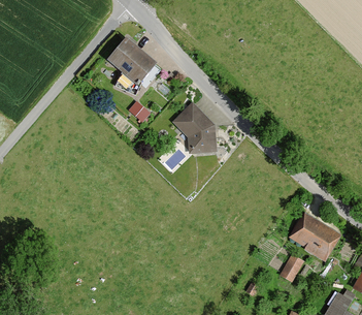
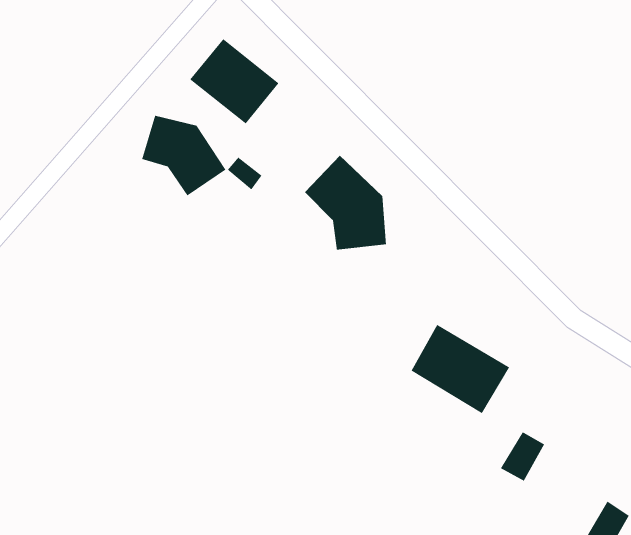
building: none -> [141,115,226,196]
building: [287,212,341,261] -> [411,324,510,414]

